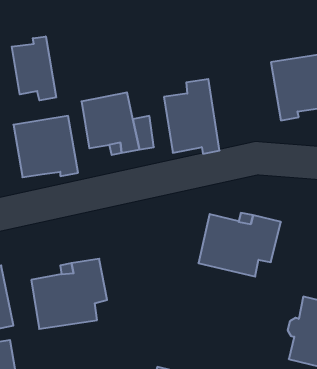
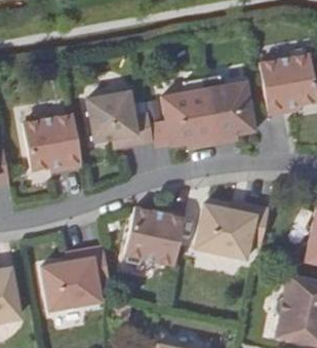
building: [12,36,56,100] -> none
building: none -> [203,76,255,146]
building: none -> [124,207,186,267]

